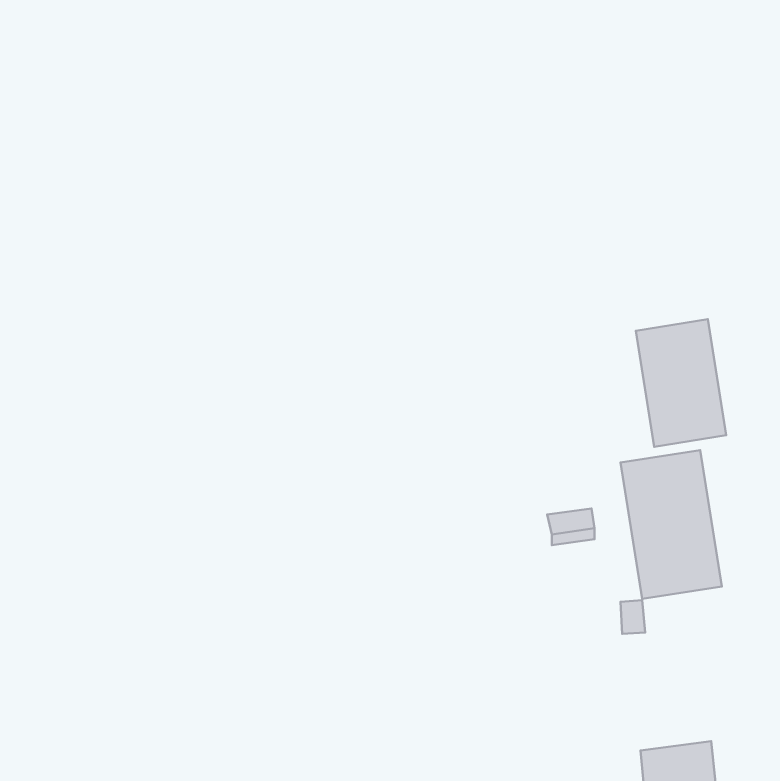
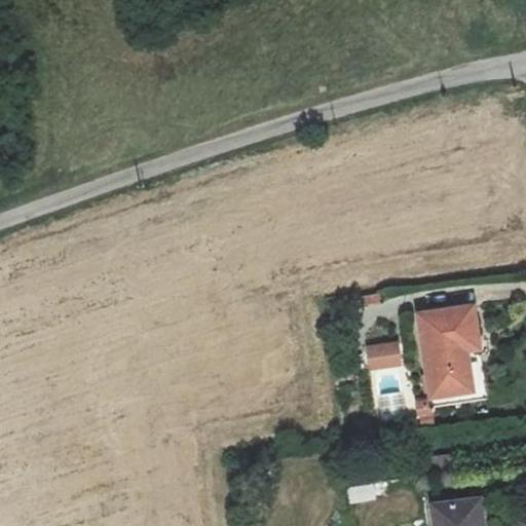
building: [636,319,726,447] -> none

